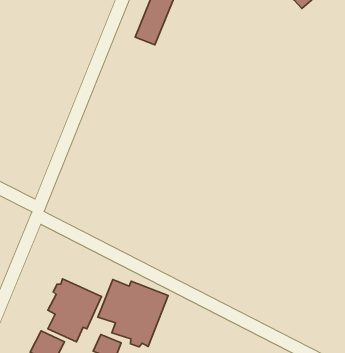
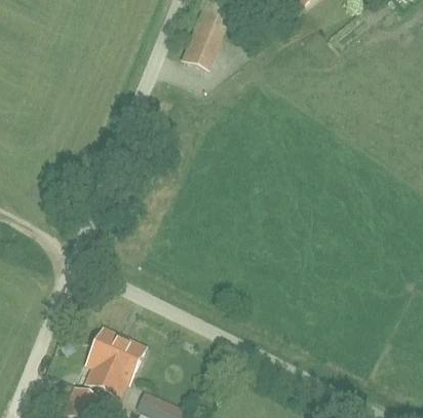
building: [98,280,168,347] -> none

